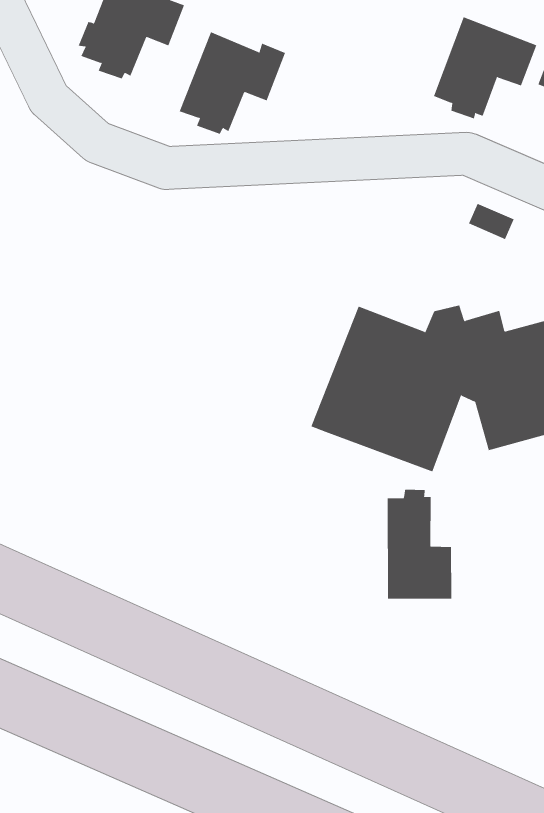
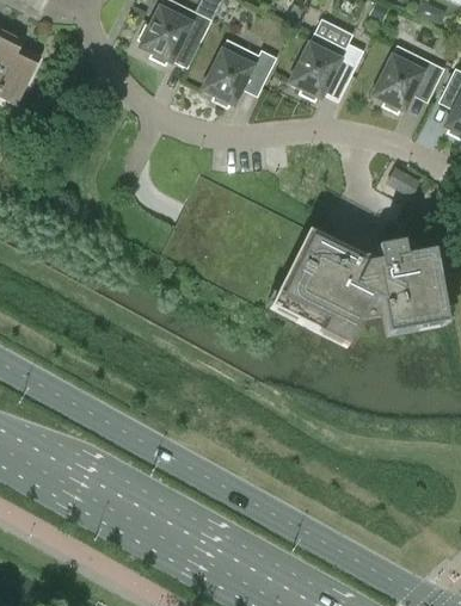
building: none -> [288,32,364,101]
building: [387,489,452,600] -> none

